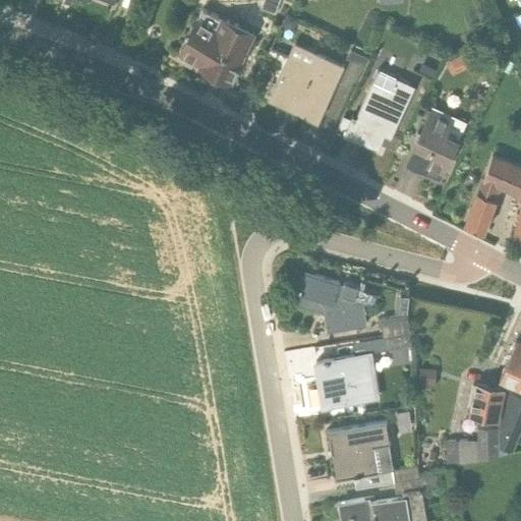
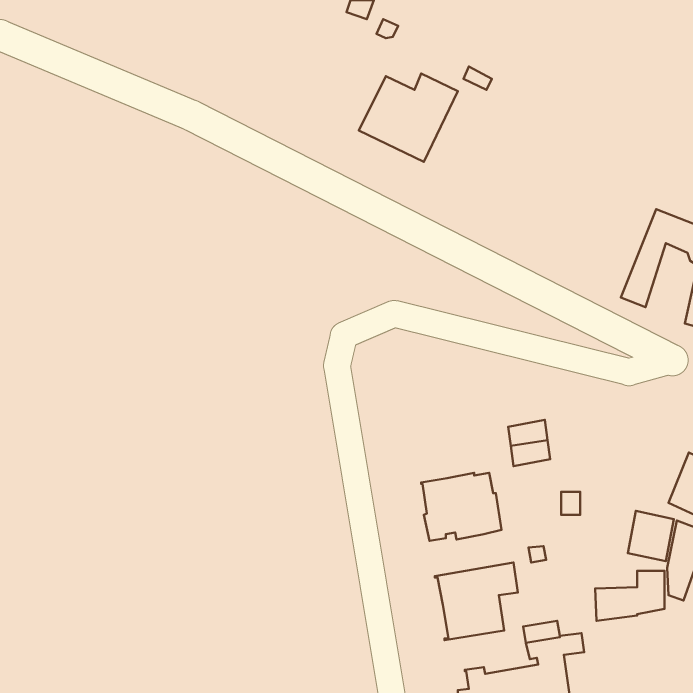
building: [180,12,254,81] -> none
building: [347,71,415,151] -> none
building: [407,114,458,173] -> none
building: [296,273,368,332] -> none

